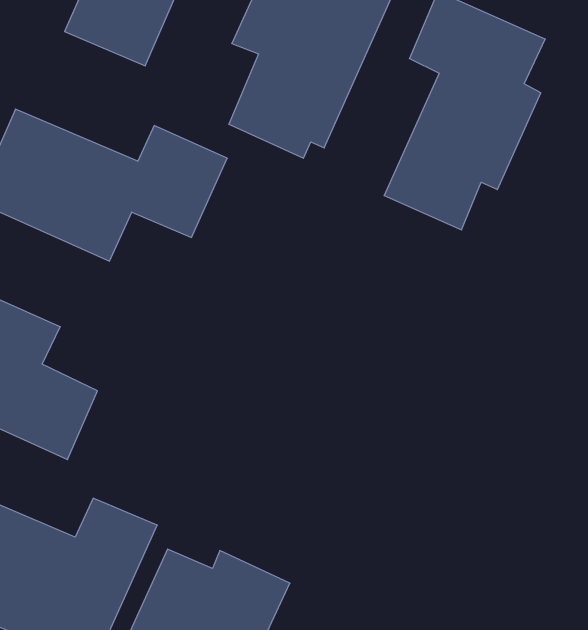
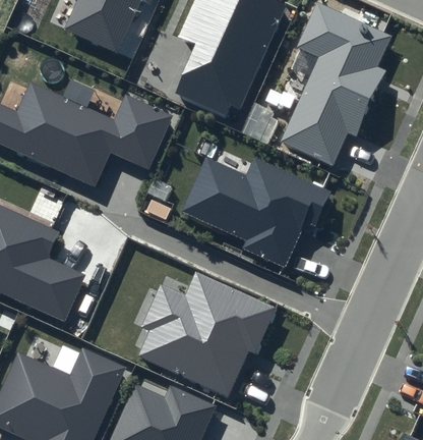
building: none -> [182,157,331,268]
building: none -> [137,274,277,398]

